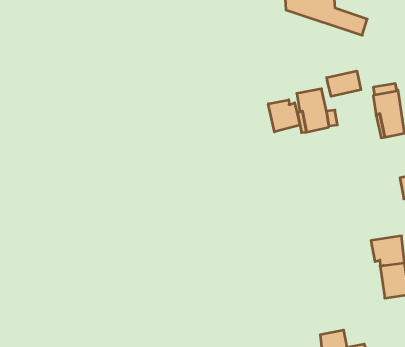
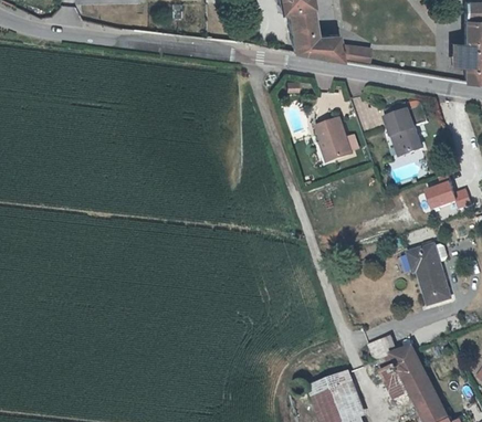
building: [327,71,361,96] -> none
building: [268,100,300,132] -> none

